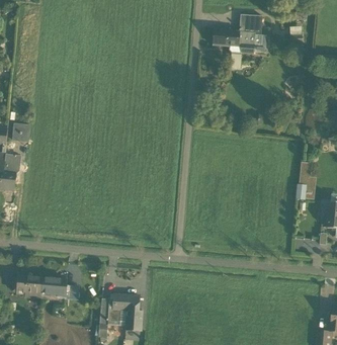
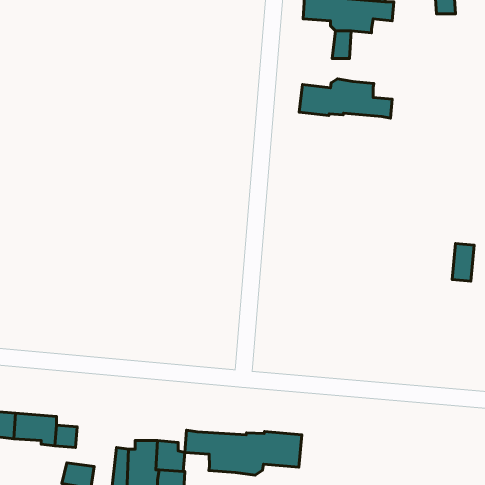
building: none -> [299,79,392,118]
building: none -> [185,430,302,475]

